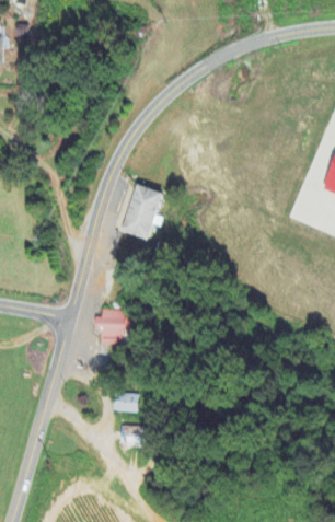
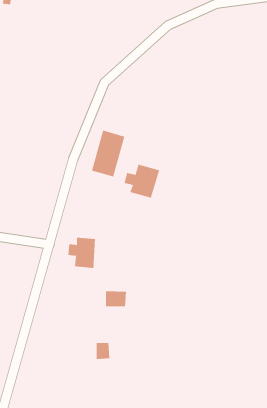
building: none -> [124,164,160,198]
building: [114,394,139,413] -> [105,291,127,307]

